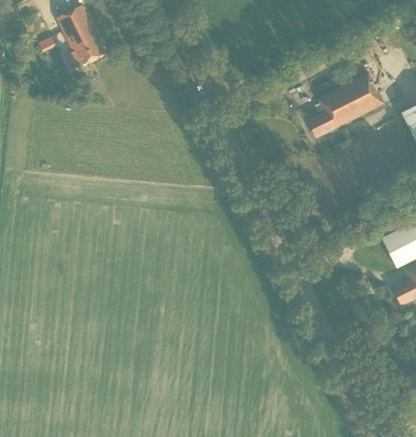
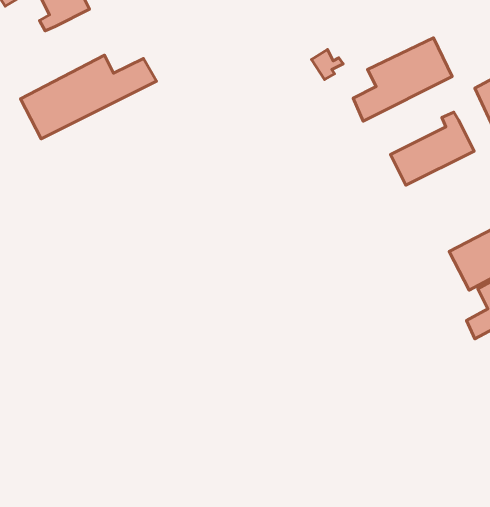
building: none -> [20,55,157,139]
building: none -> [390,112,474,185]

